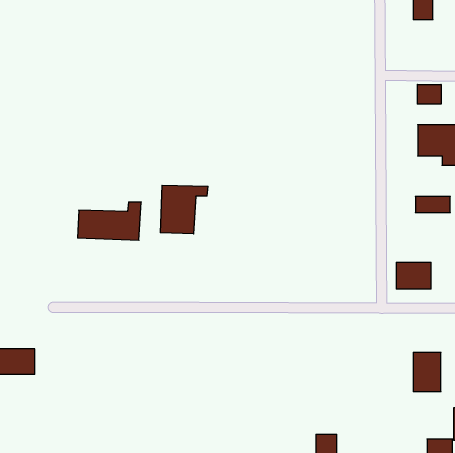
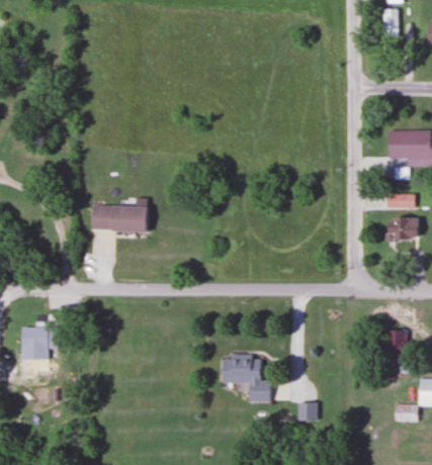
building: [417,84,441,104] -> none
building: [160,185,208,234] -> none
building: [396,262,431,289] -> [385,216,416,240]
building: none -> [221,356,271,401]

